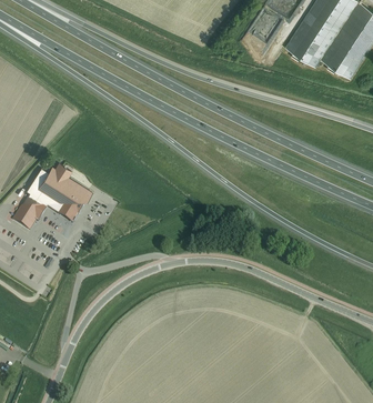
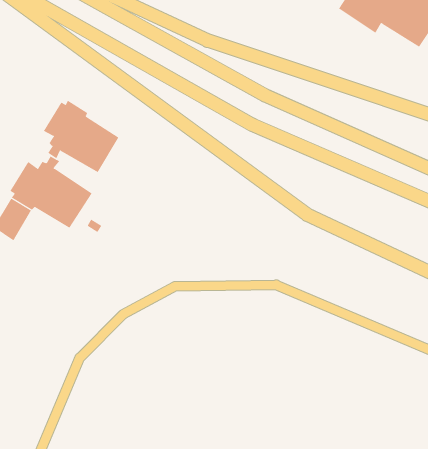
building: none -> [43,100,119,173]

